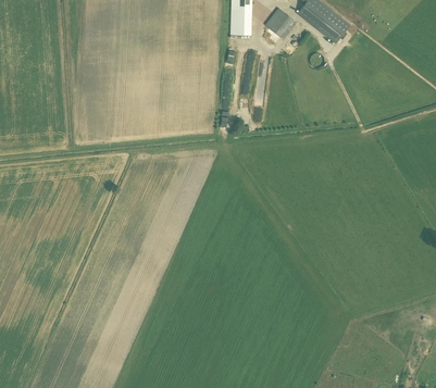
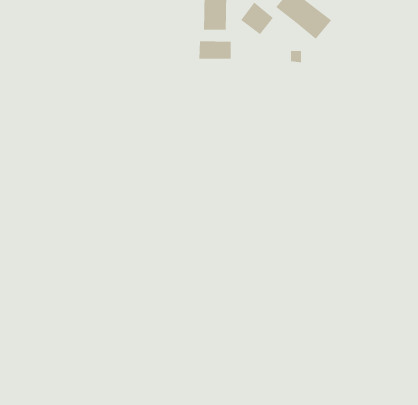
building: none -> [199,41,232,59]

